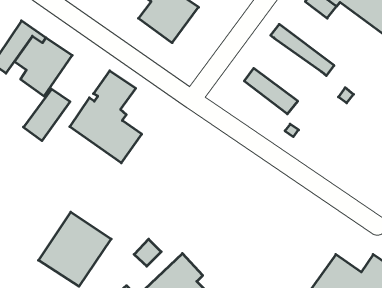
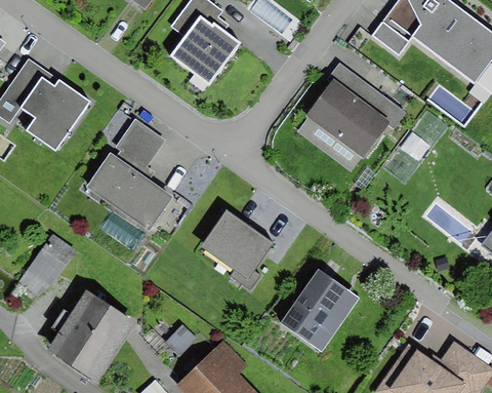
building: none -> [306,79,391,157]
building: [23,89,70,141] -> [17,235,74,298]
building: none -> [200,208,274,288]
building: none -> [280,270,359,352]

